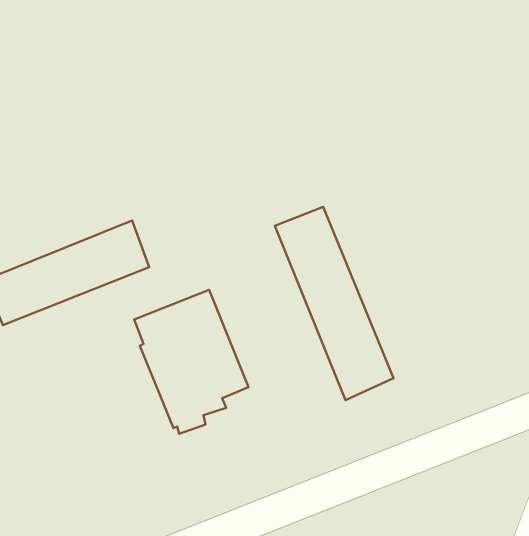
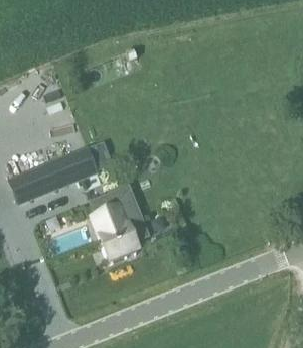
building: [275,207,394,400] -> none

